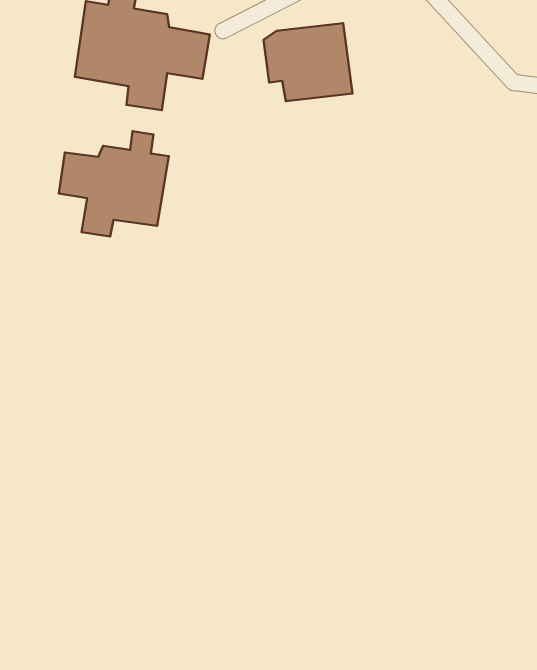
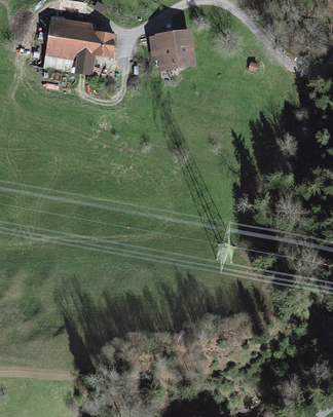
building: [59,131,169,237] -> none

